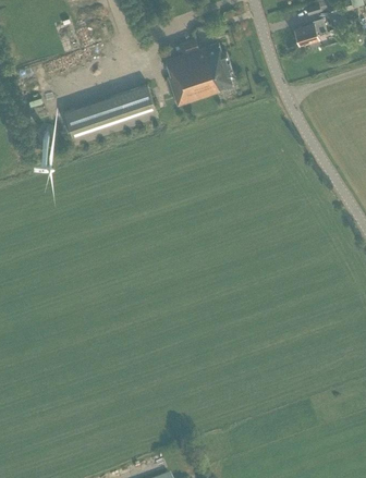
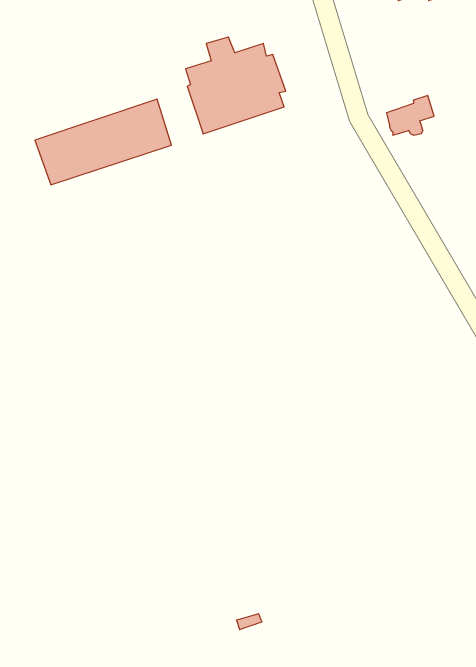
building: [294,19,327,46] -> [386,95,434,135]

